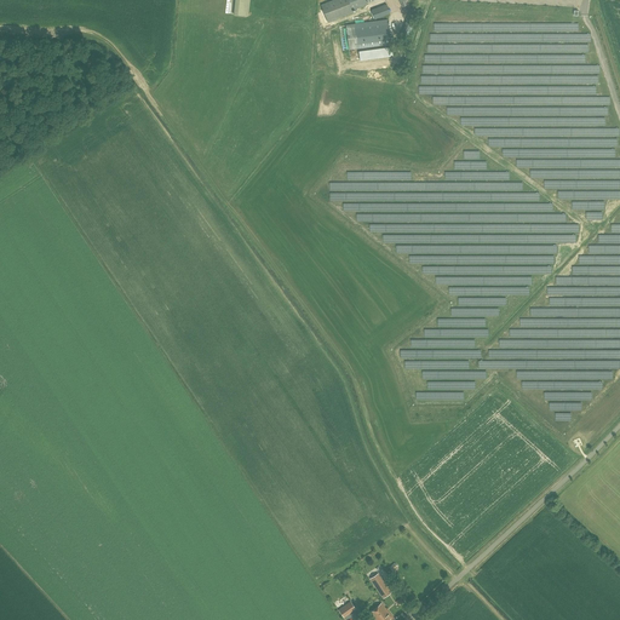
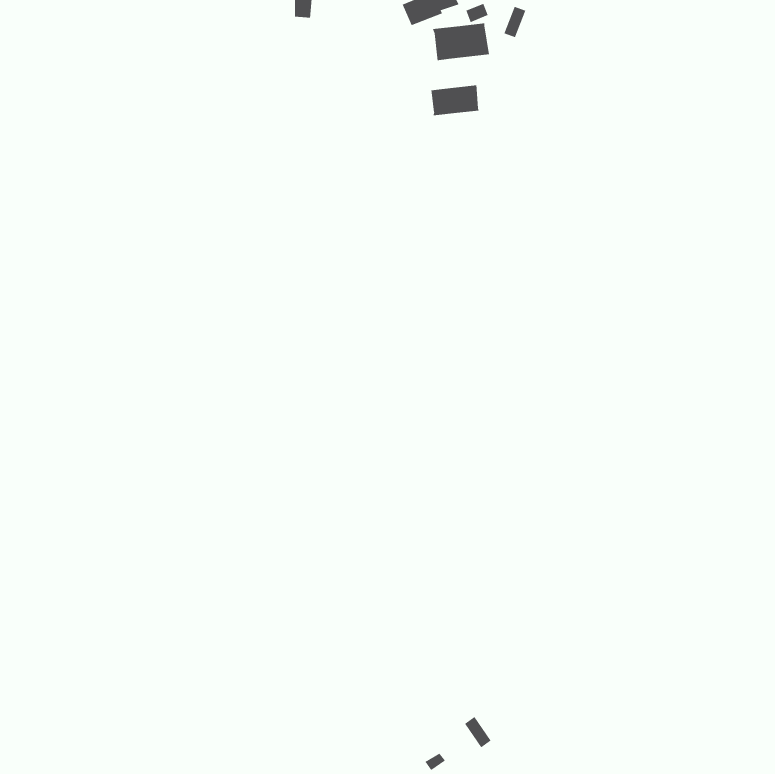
building: none -> [431,84,479,116]

